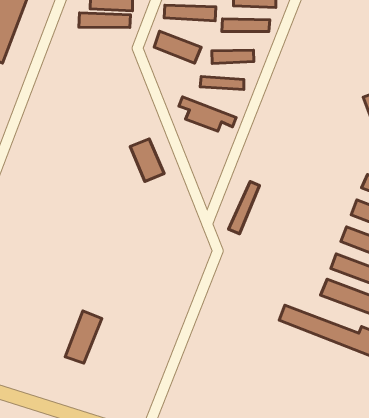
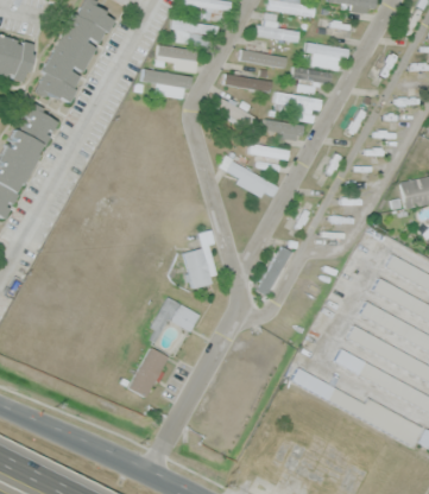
building: [130,139,164,181] -> [184,249,213,289]
building: none -> [150,297,200,336]
building: [65,311,102,363] -> [128,348,168,397]

